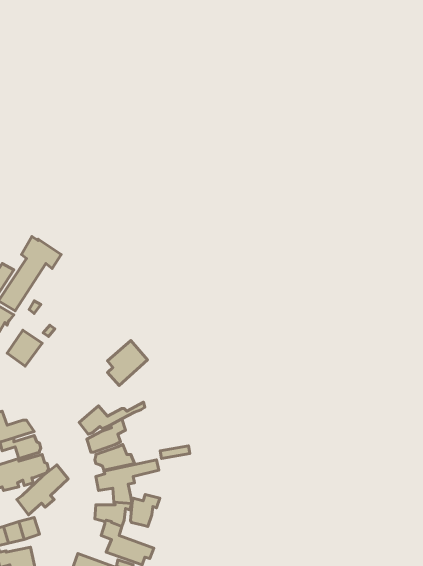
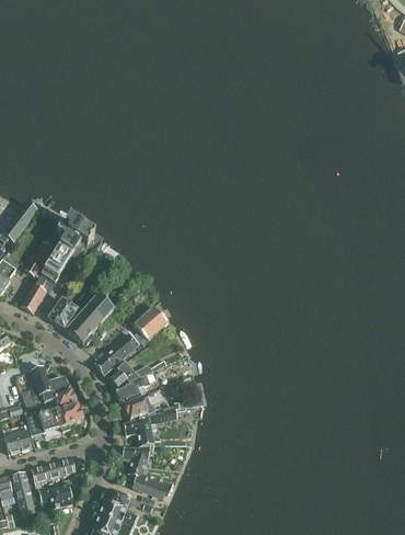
building: none -> [66,293,114,343]
building: [17,465,68,515] -> [94,332,138,375]
building: [131,495,160,526] -> none

